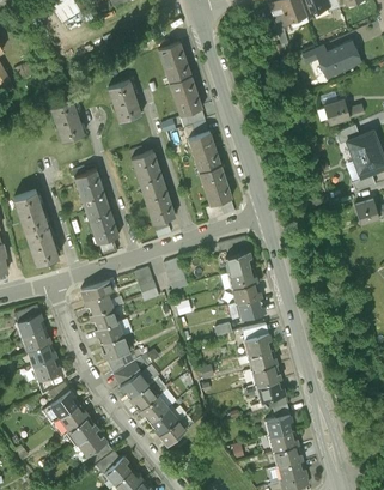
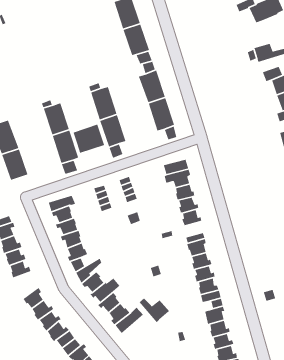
building: [108,80,140,121] -> none
building: [50,99,83,140] -> none
building: none -> [72,124,105,154]
building: none -> [138,297,170,323]

